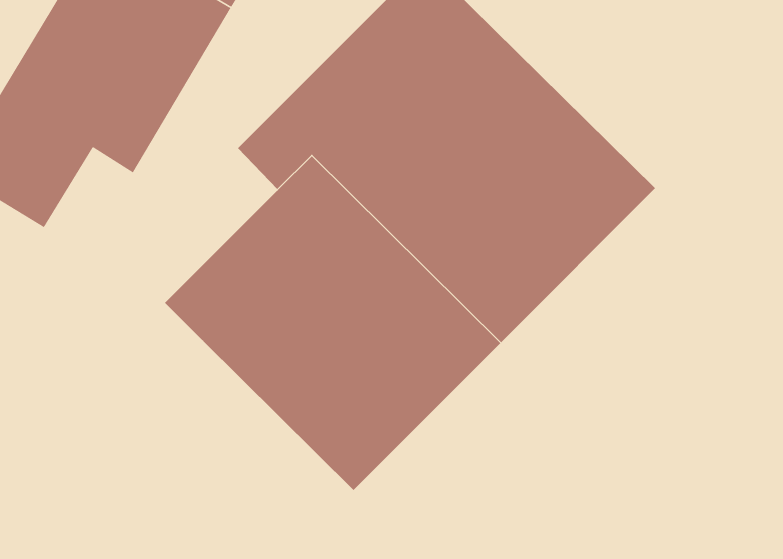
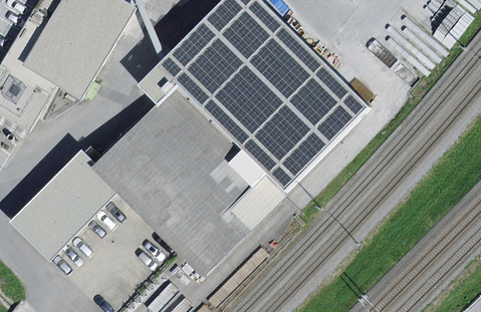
building: none -> [11,152,117,259]

